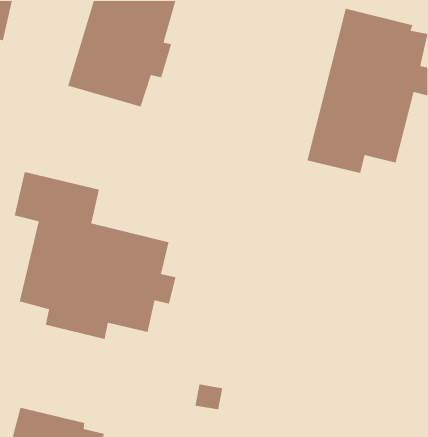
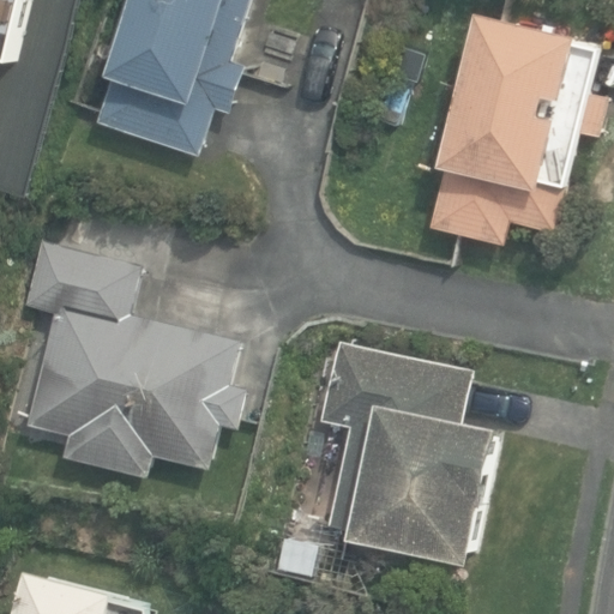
building: none -> [315,341,501,560]

